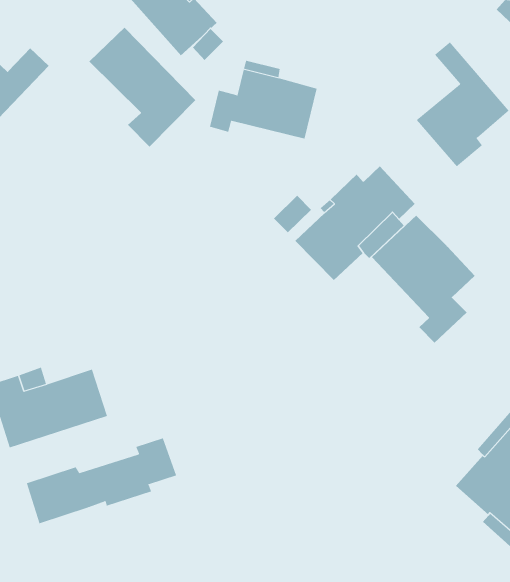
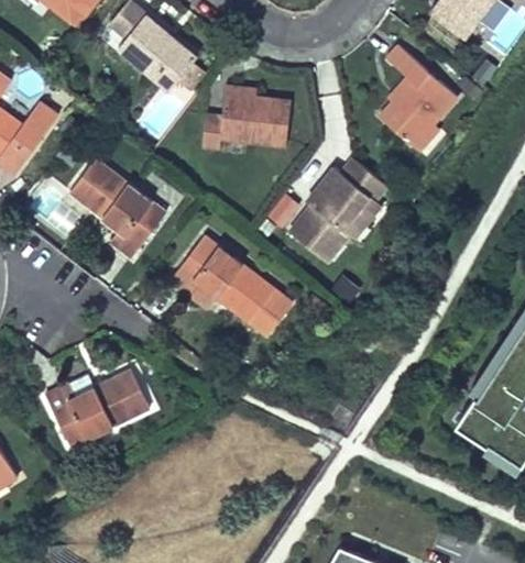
building: [89,27,196,147] -> [68,158,165,258]
building: [371,215,476,343] -> none
building: none -> [168,235,292,335]
building: [26,438,177,524] -> none

